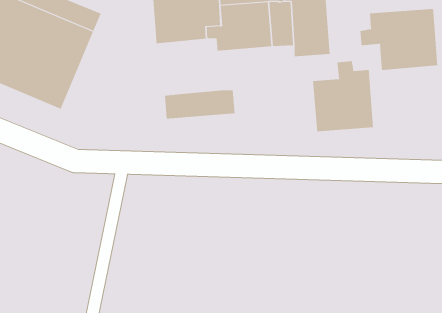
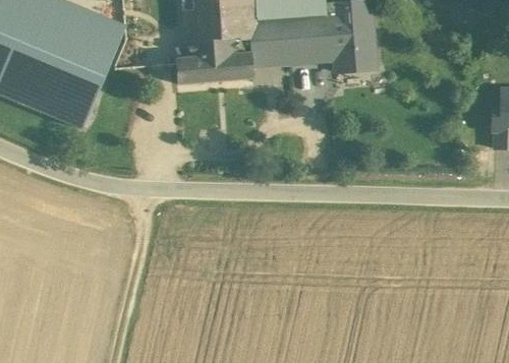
building: [360,8,438,71] -> none
building: [313,61,374,132] -> none
building: [164,90,235,119] -> [175,52,252,83]

